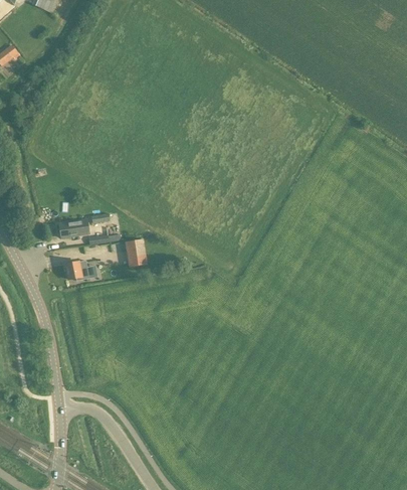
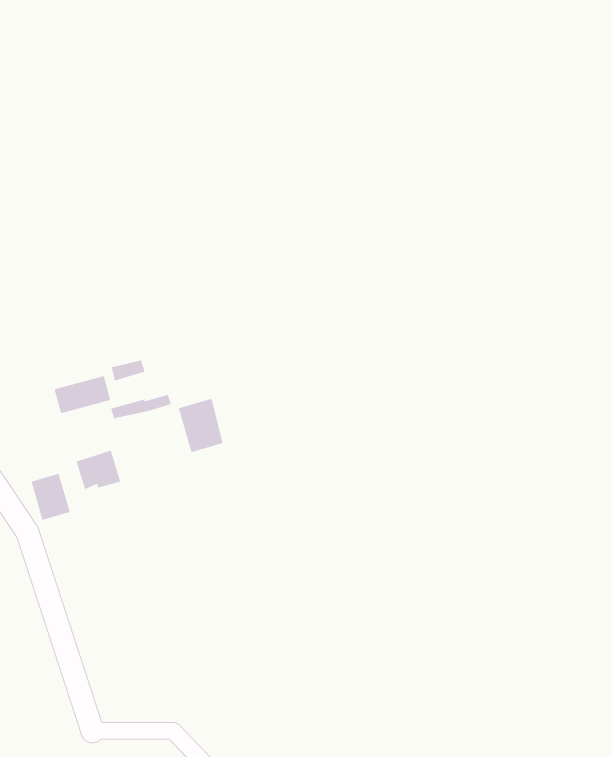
building: none -> [30,473,71,521]

